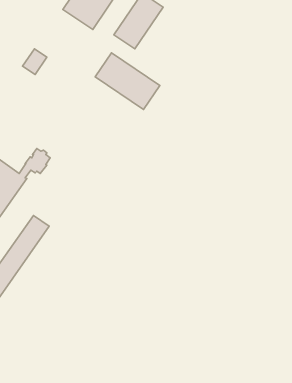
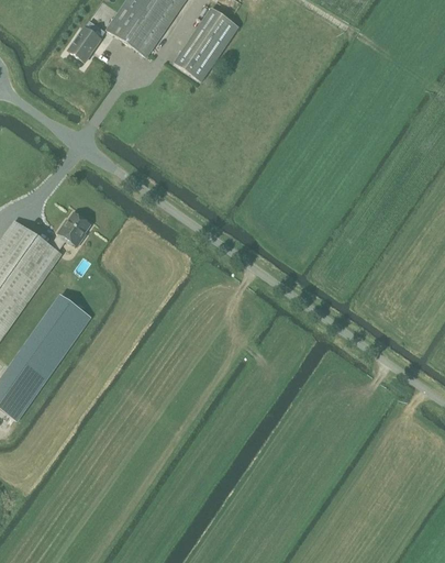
building: [23,49,47,75] -> [68,27,100,62]
building: [95,53,160,110] -> none

